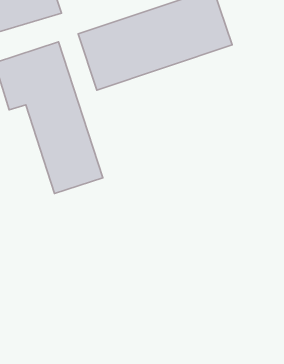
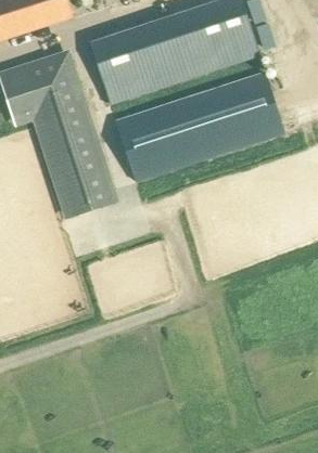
building: none -> [116,72,284,181]

